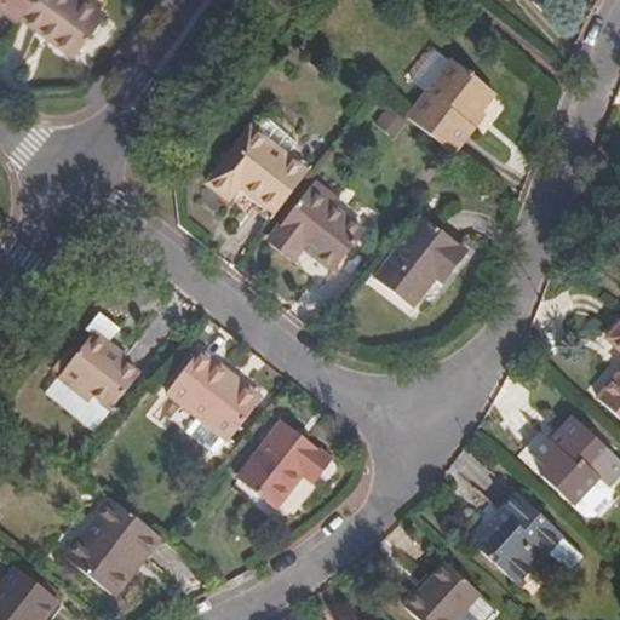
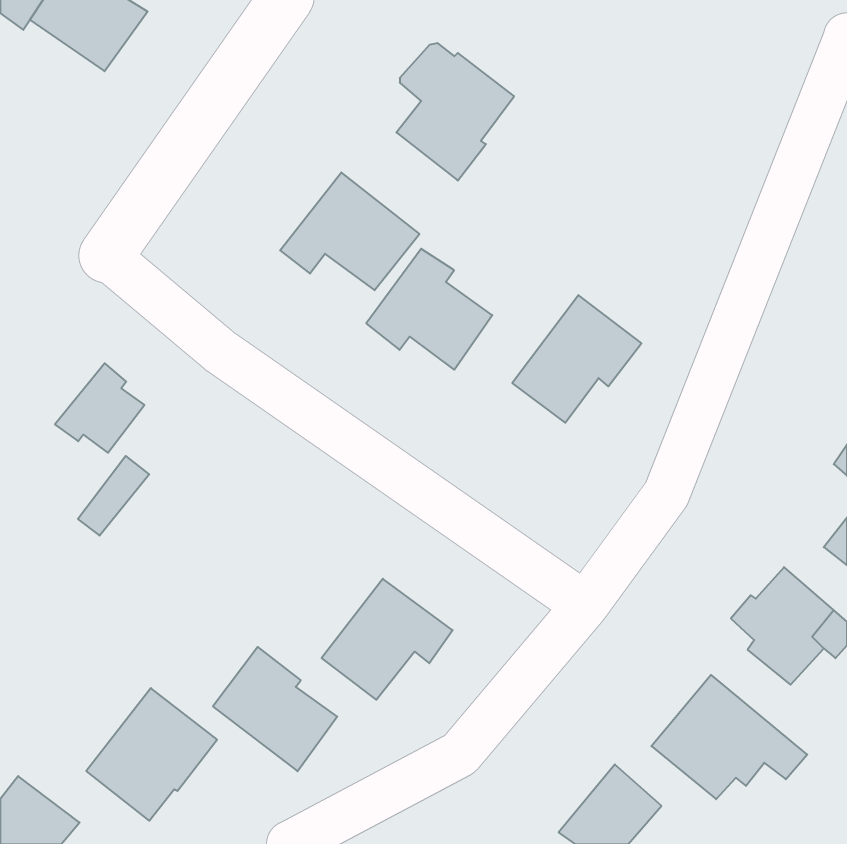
building: [408,52,494,153] -> [396,43,514,181]
building: [73,346,138,412] -> [55,363,144,453]
building: [166,350,257,441] -> [213,647,337,771]

